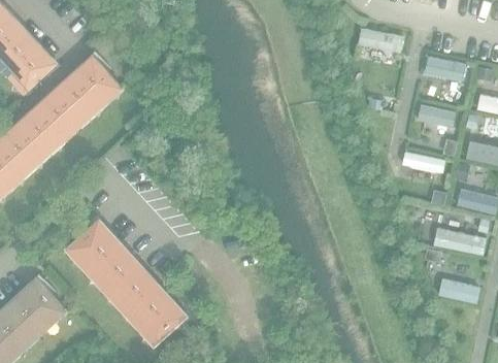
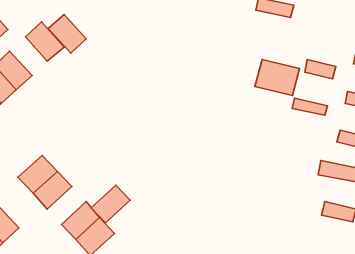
building: [424,54,466,78] -> none
building: [56,75,102,123] -> [48,14,86,53]
building: none -> [255,60,300,95]
building: [102,259,150,305] -> [91,185,130,223]

